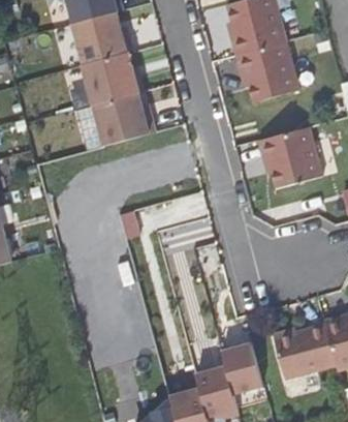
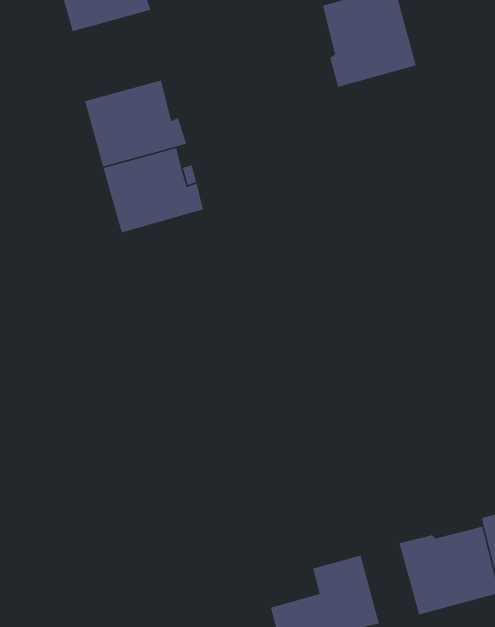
building: [72,10,133,63] -> none
building: [236,42,297,102] -> none
building: [257,128,320,188] -> none

